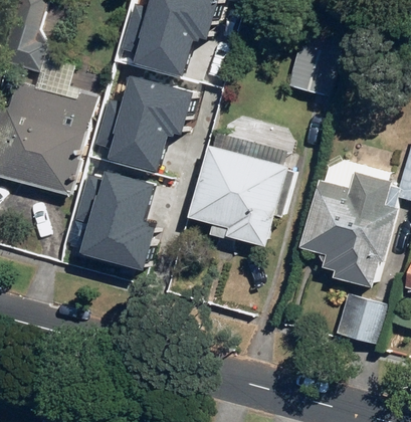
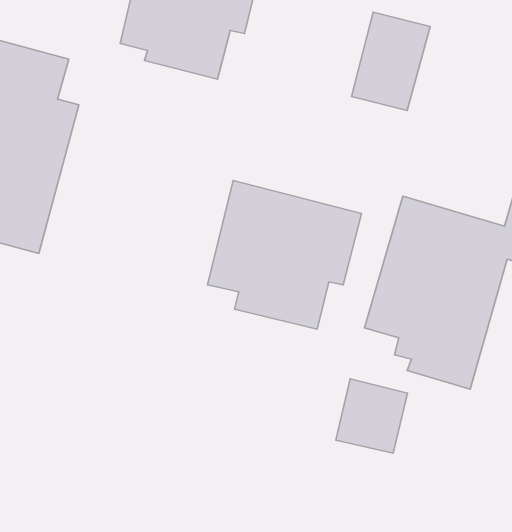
building: [99,76,199,170] -> none
building: [81,170,163,270] -> none
building: [336,293,386,346] -> [336,379,407,453]

